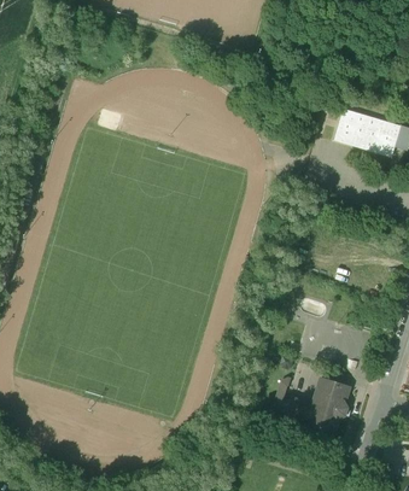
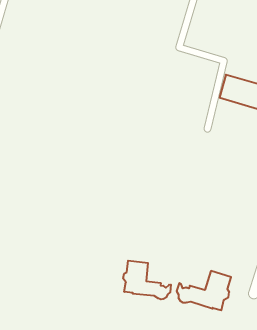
building: none -> [123,261,171,299]

